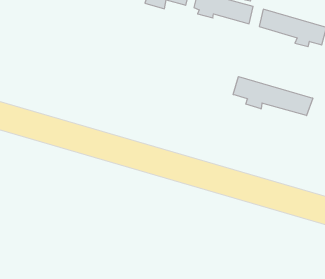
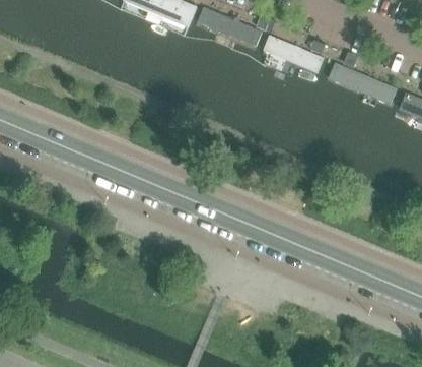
building: [233,77,313,116] -> none

